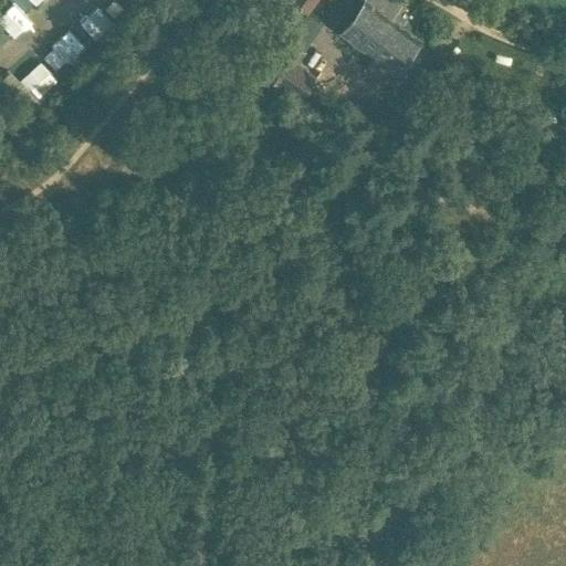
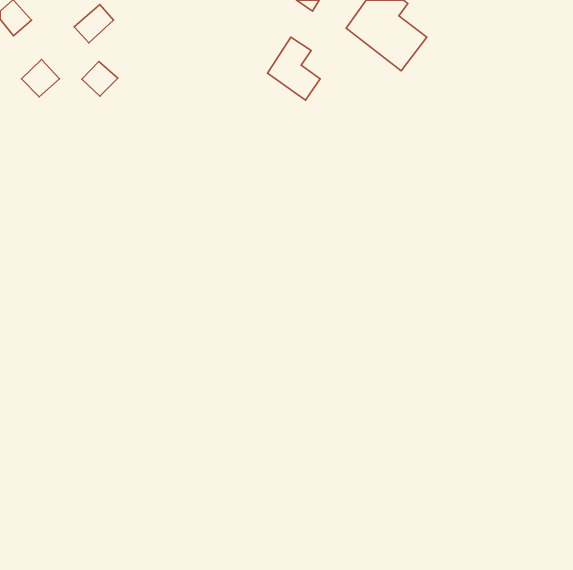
building: [53,30,88,64] -> [82,61,118,96]

